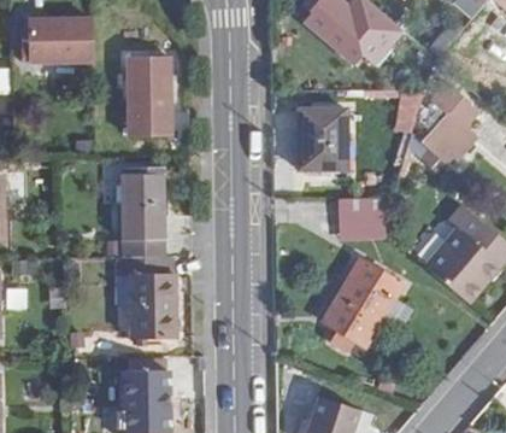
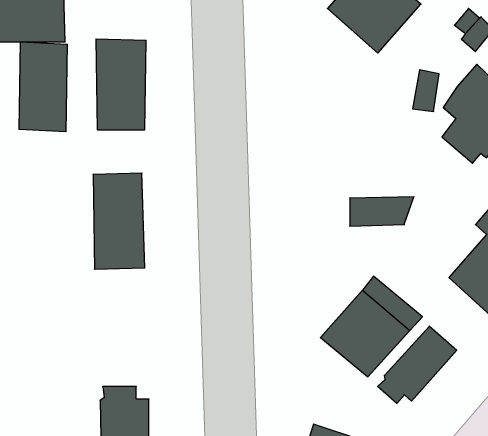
building: none -> [19,42,67,132]
building: [289,107,340,169] -> none
building: [113,257,172,338] -> none
building: none -> [378,326,457,403]

